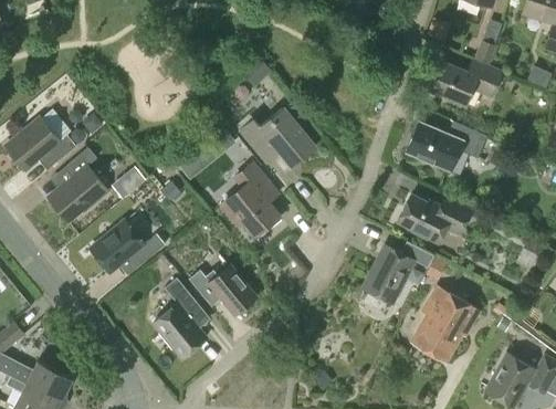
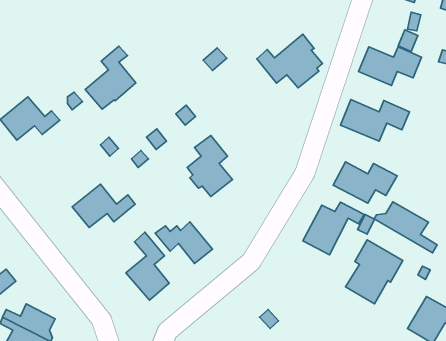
building: [240,103,317,166] -> [257,34,323,88]
building: [48,148,107,222] -> [85,46,136,109]
building: none -> [374,202,437,253]

